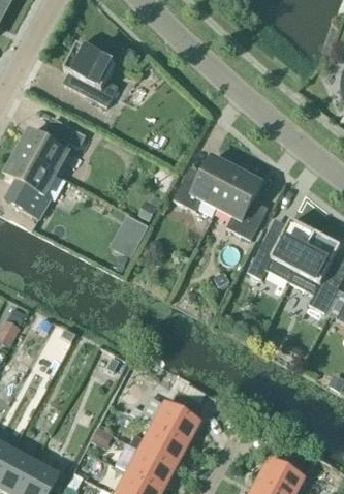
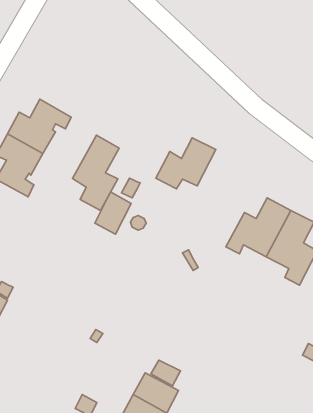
building: [65,42,120,104] -> none
building: none -> [72,135,119,211]
building: [219,167,267,238] -> none

